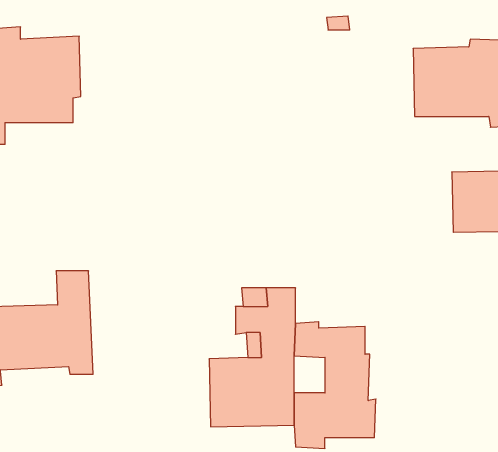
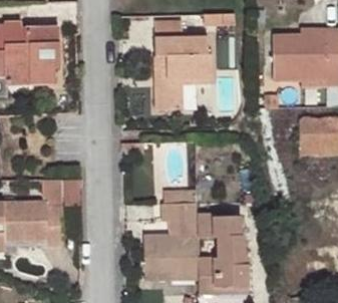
building: none -> [153,21,211,109]

